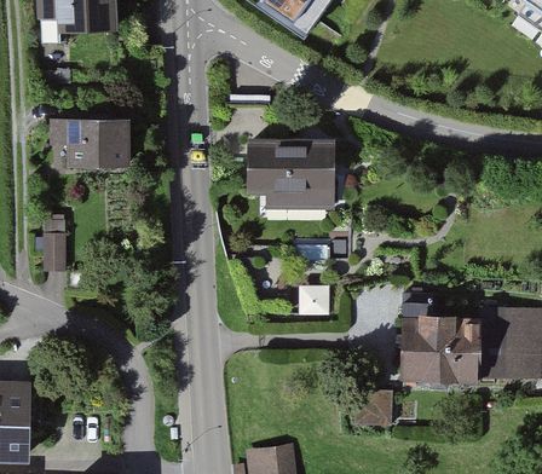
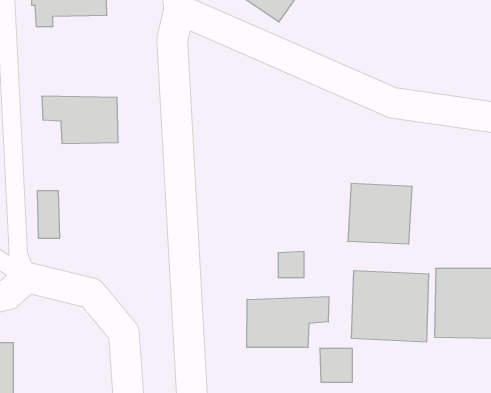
building: [242,135,331,207] -> none
building: none -> [348,183,412,244]
building: none -> [247,297,329,348]

